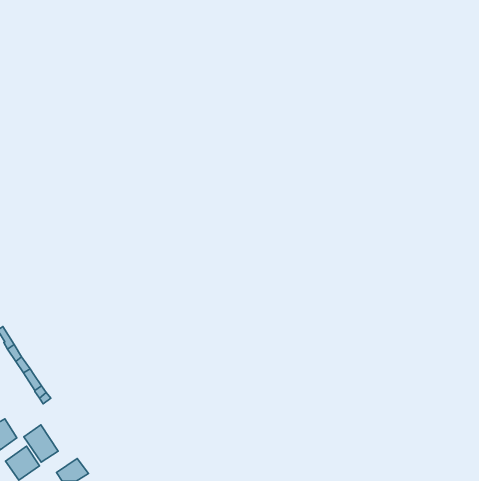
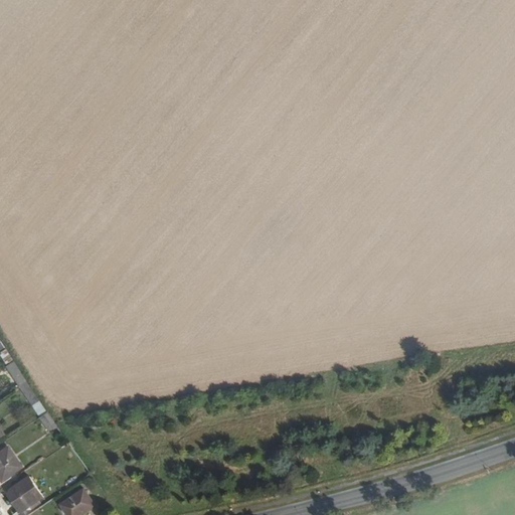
building: [24,425,58,462] -> none

